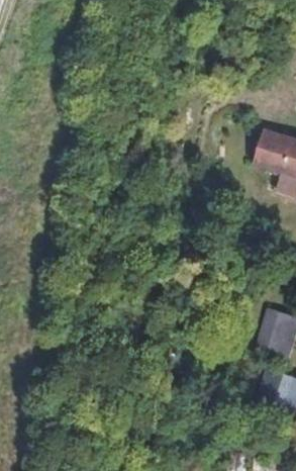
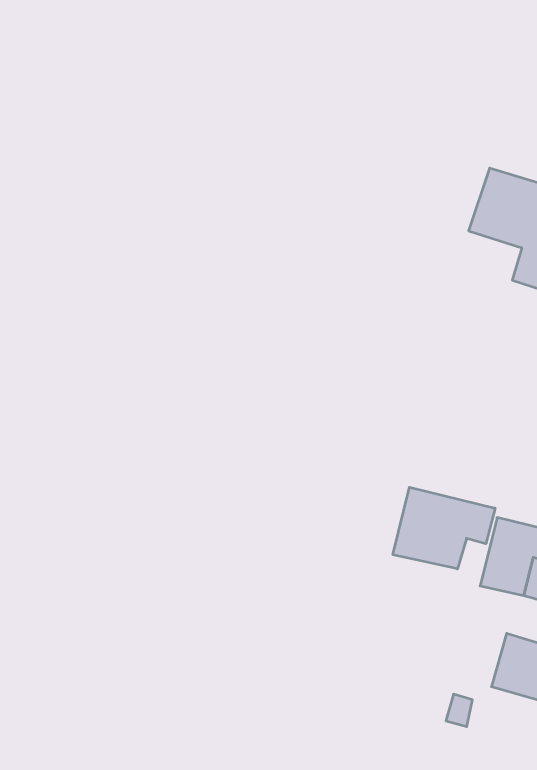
building: none -> [393,487,495,569]

